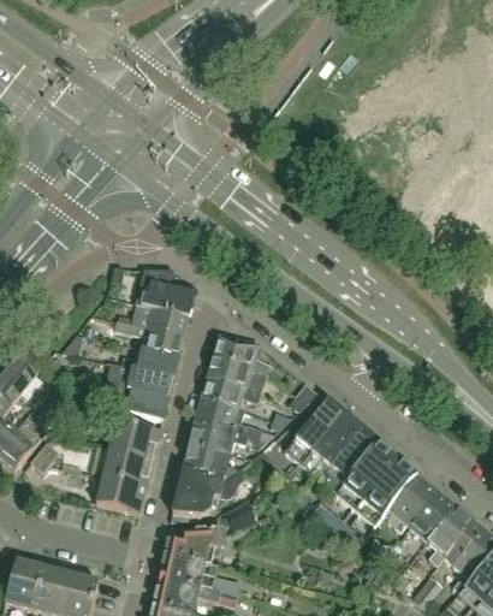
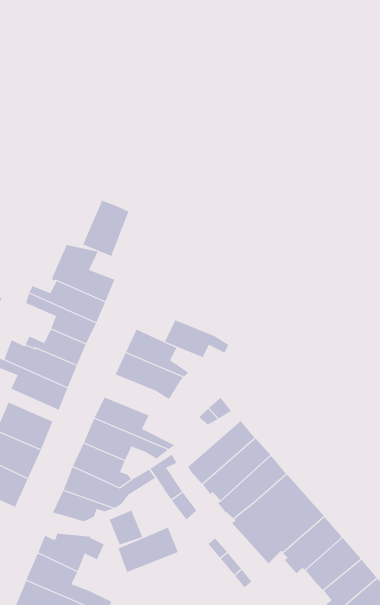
building: none -> [82,200,129,257]
building: [202,379,261,409] -> [164,320,229,358]
building: none -> [118,527,179,573]

